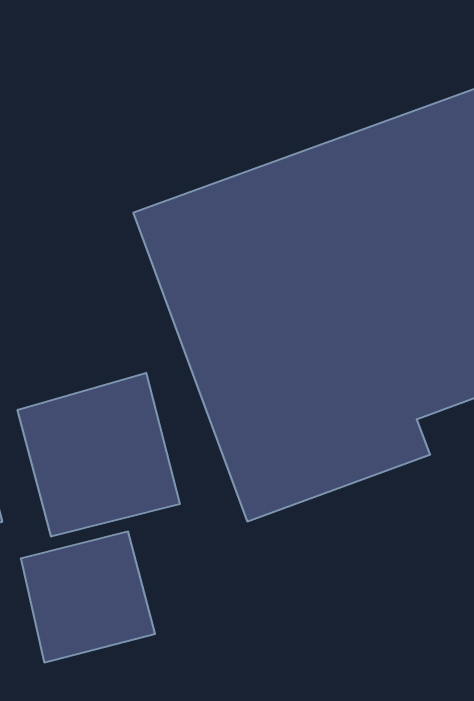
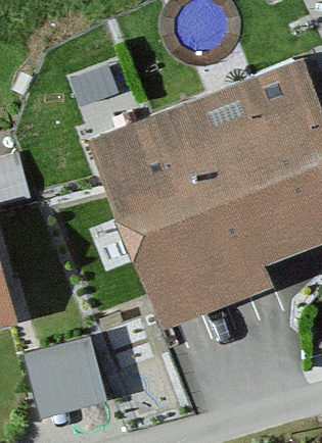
building: [18,373,180,537] -> none

